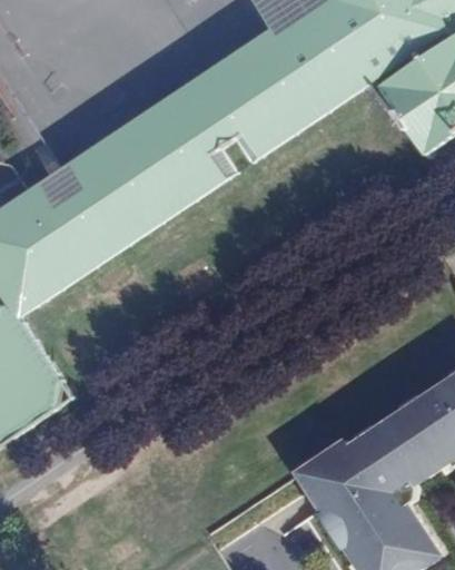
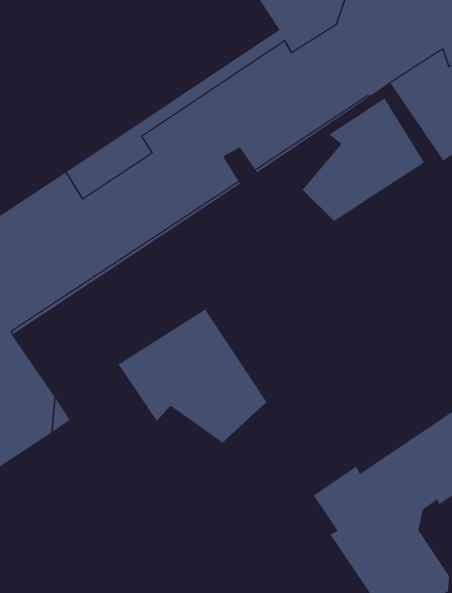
building: none -> [302,97,425,222]
building: none -> [118,309,267,443]

